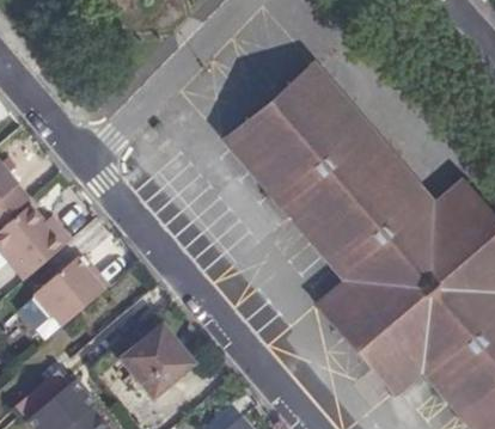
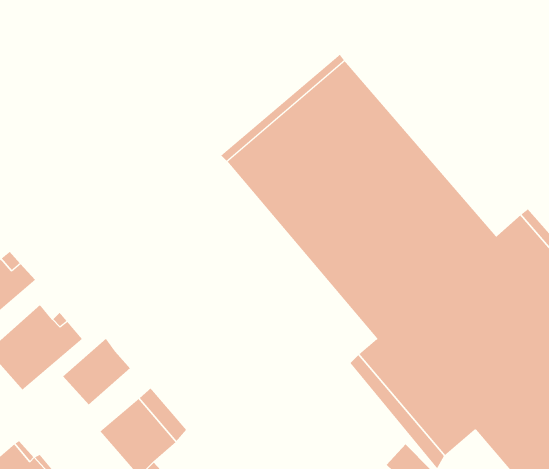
building: none -> [62,338,131,406]

